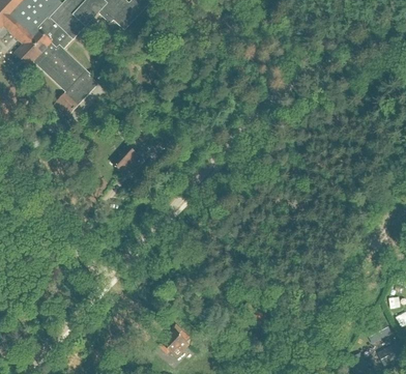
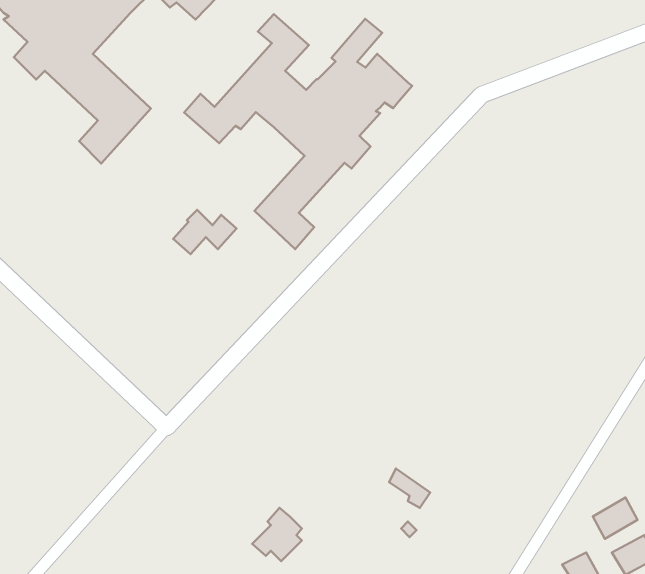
building: none -> [184,14,412,249]

